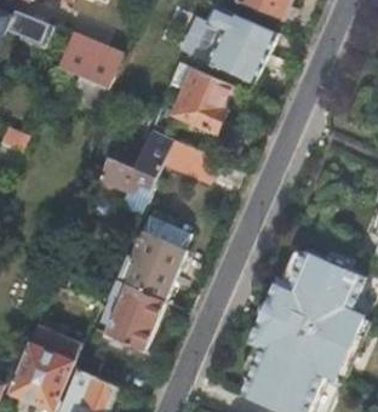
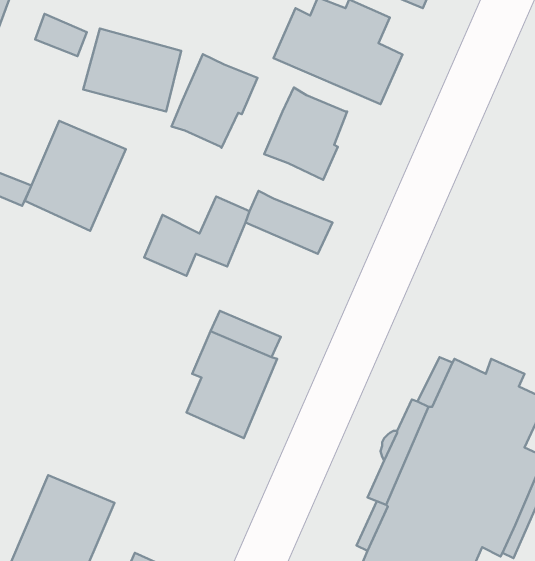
building: none -> [172,54,257,148]
building: none -> [25,121,126,231]
building: [105,285,165,350] -> none

